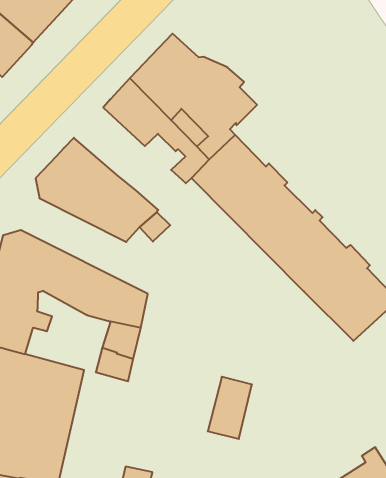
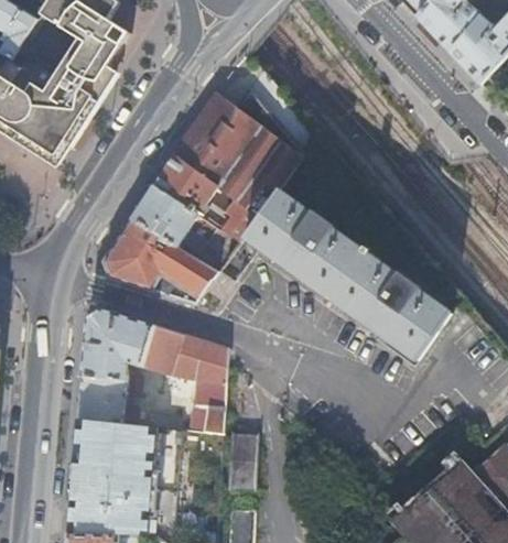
building: none -> [132,184,241,269]
building: [208,377,252,439] -> [227,432,260,486]

